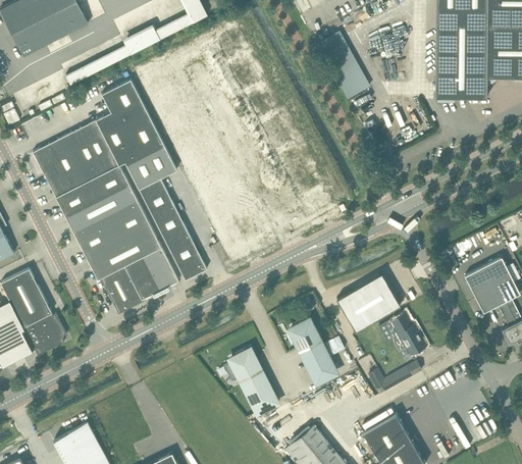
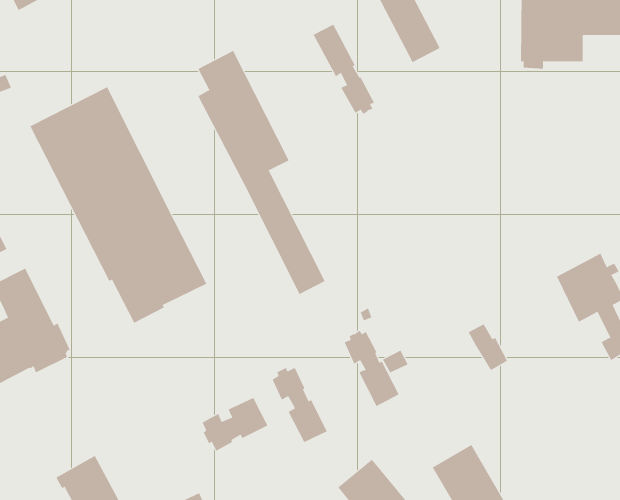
building: none -> [313,24,375,114]
building: [102,80,207,280] -> [197,50,325,295]
building: [336,273,401,331] -> none
building: [368,367,412,394] -> none
building: none -> [202,397,268,452]

